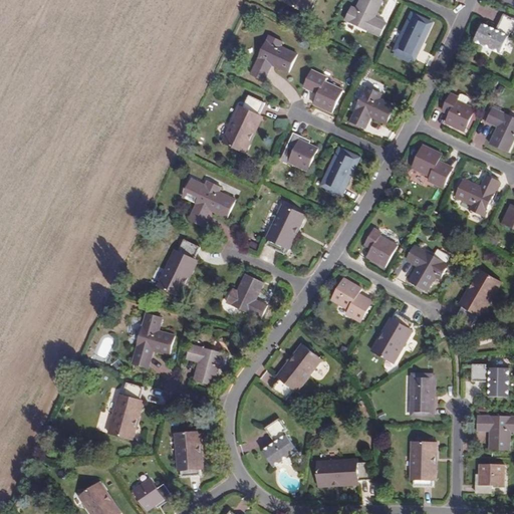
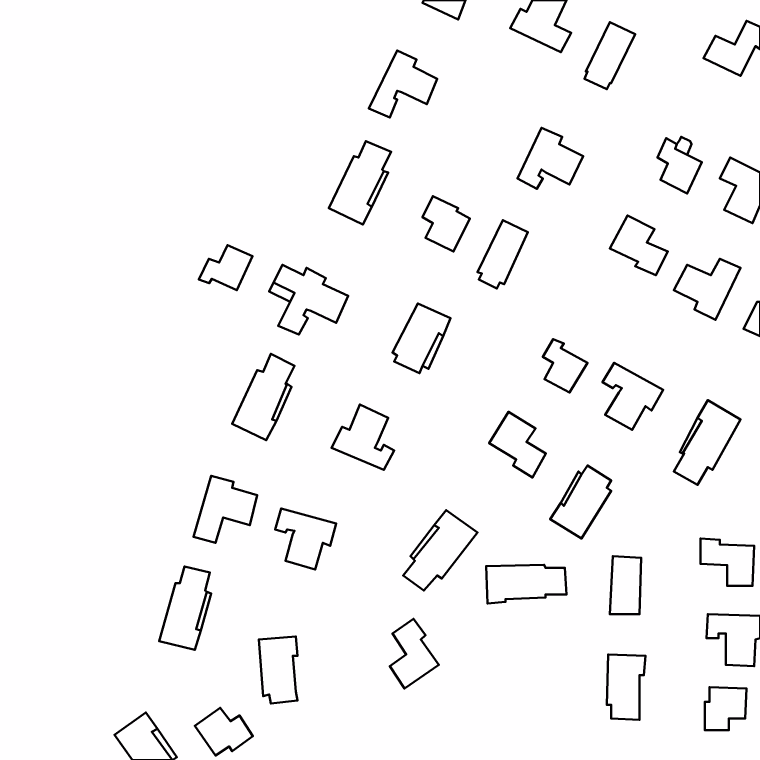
building: [303,70,341,111] -> none
building: none -> [199,245,253,290]
building: [317,460,371,486] -> [486,565,566,603]

